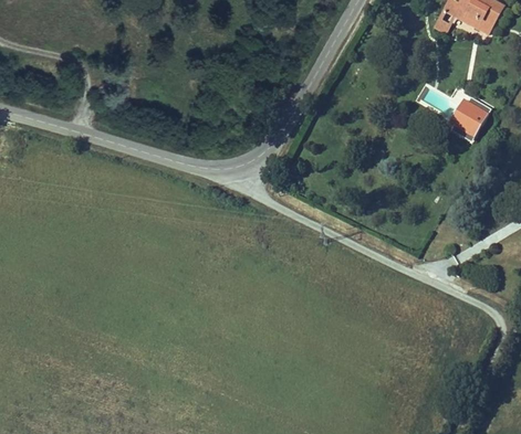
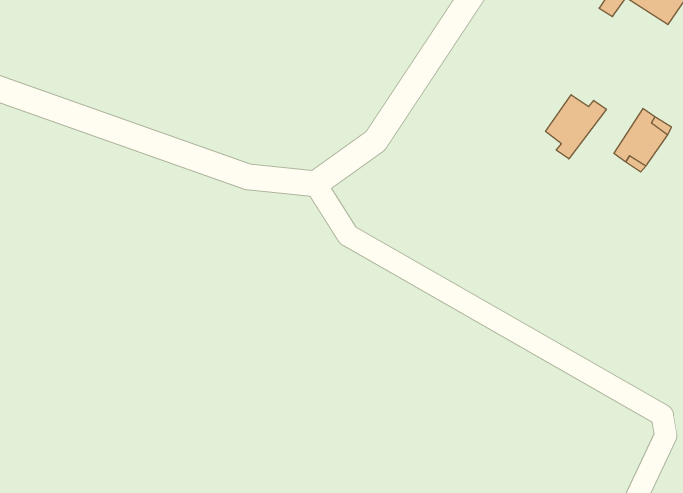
building: none -> [546,95,606,159]

